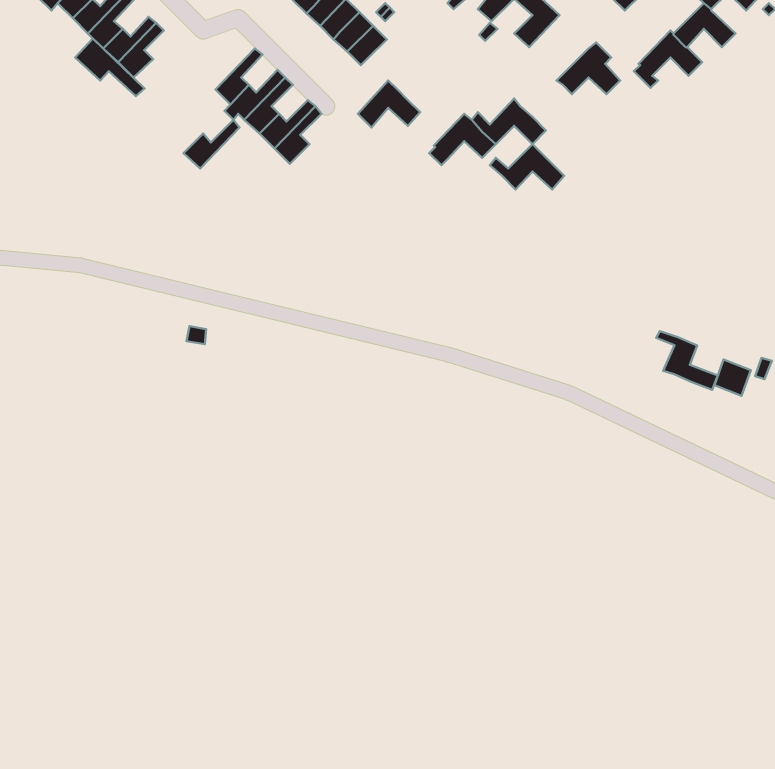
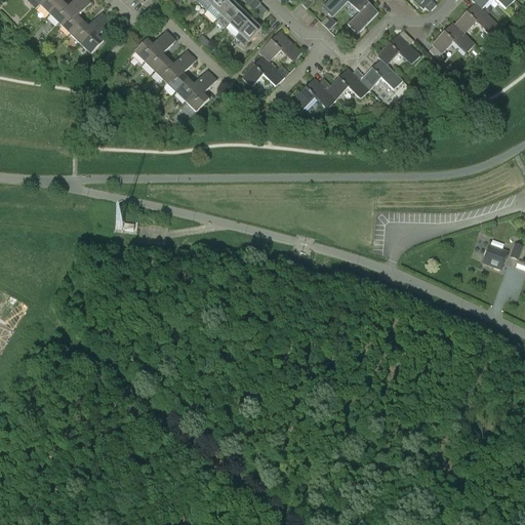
building: [75,38,145,96] -> none
building: none -> [259,30,301,60]
building: [184,120,240,168] -> [134,28,172,60]
building: [490,144,564,190] -> [352,57,402,88]
building: [656,331,718,390] -> none

